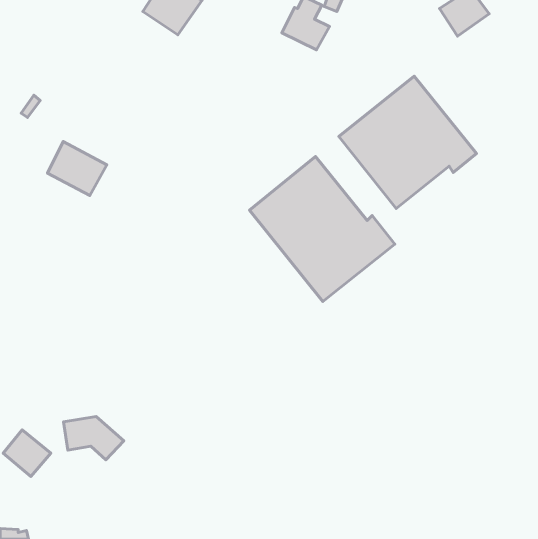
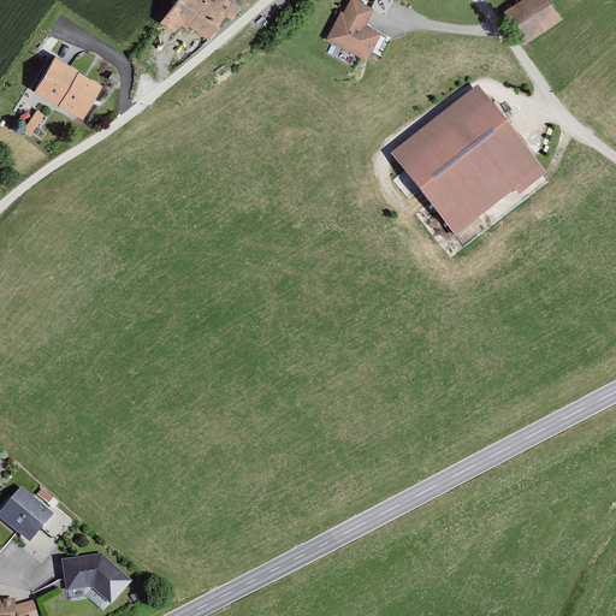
building: [47,141,107,195] -> [34,54,101,116]
building: [250,156,395,301] -> none
building: [63,416,124,460] -> [71,553,140,603]

